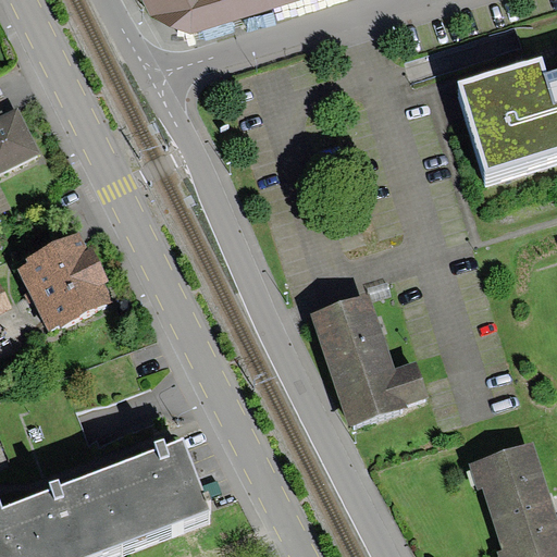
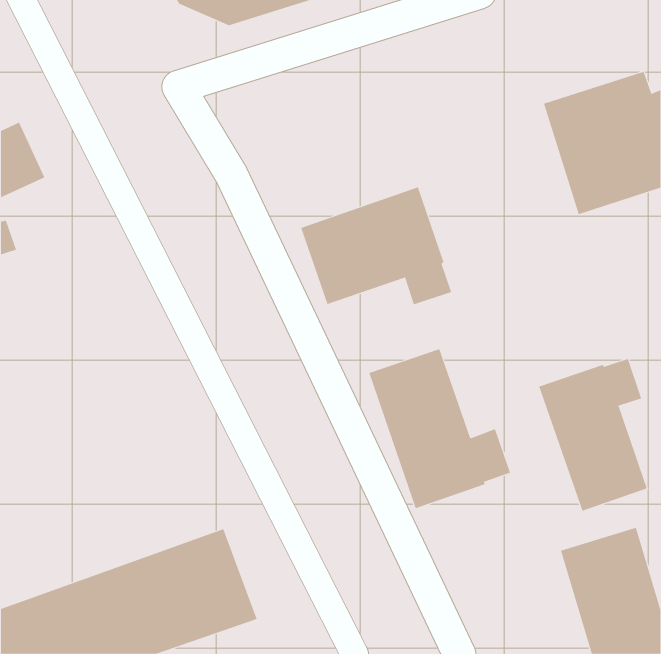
building: none -> [301,186,452,305]
building: [9,233,102,329] -> none
building: none -> [539,358,647,511]

